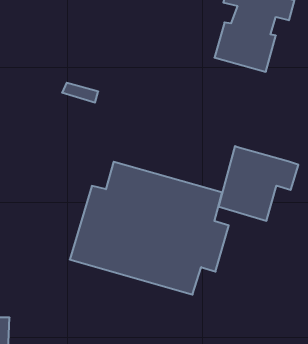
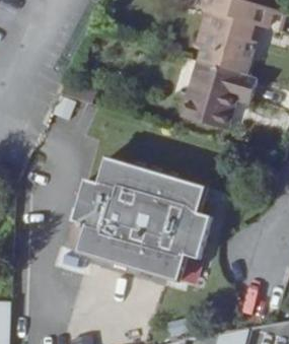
building: [218,146,298,221] -> [183,62,257,131]

